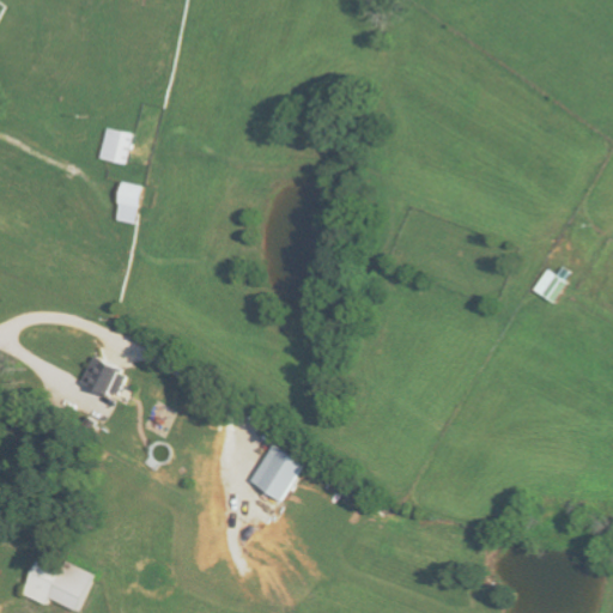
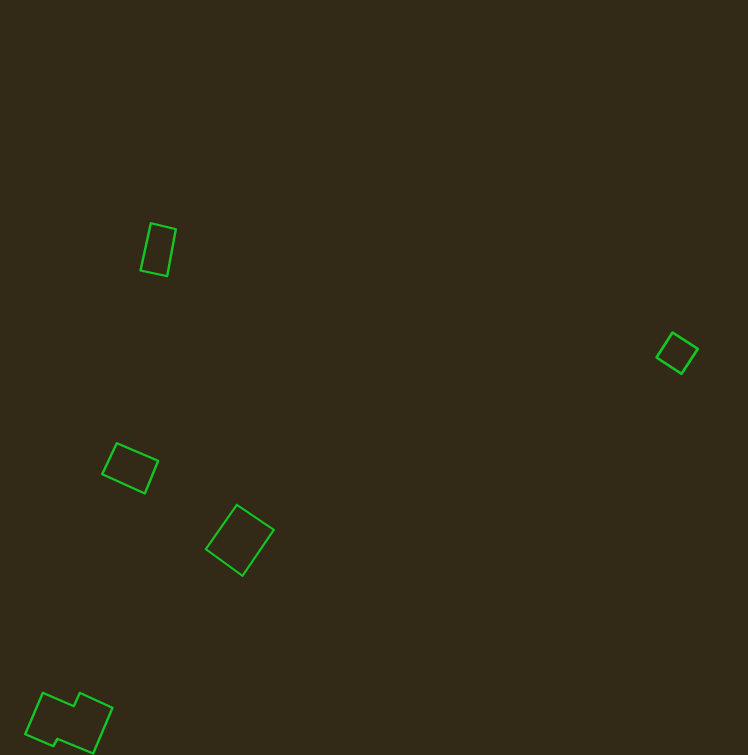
building: [99,128,131,163] -> none
building: [248,444,303,502] -> [206,505,274,576]

